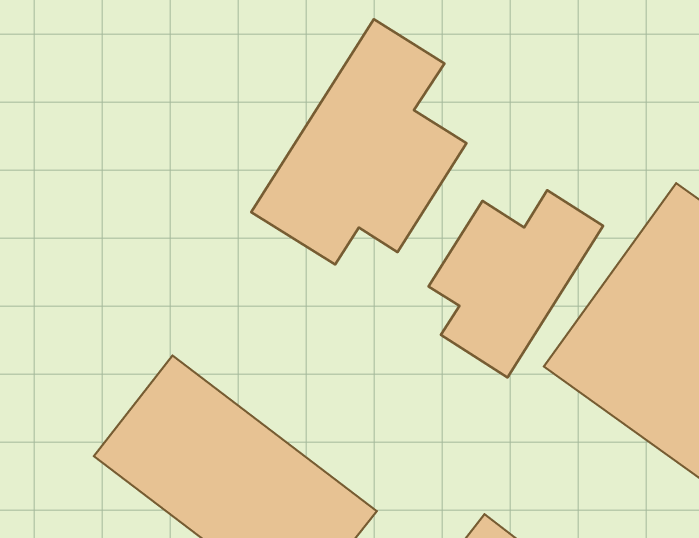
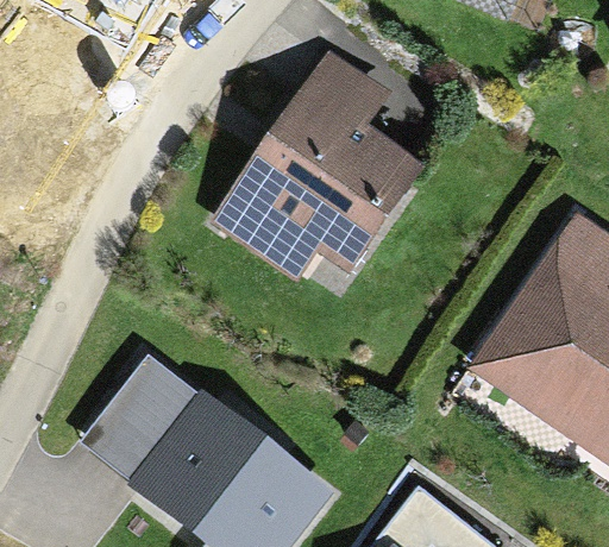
building: [428,190,603,377] -> none

